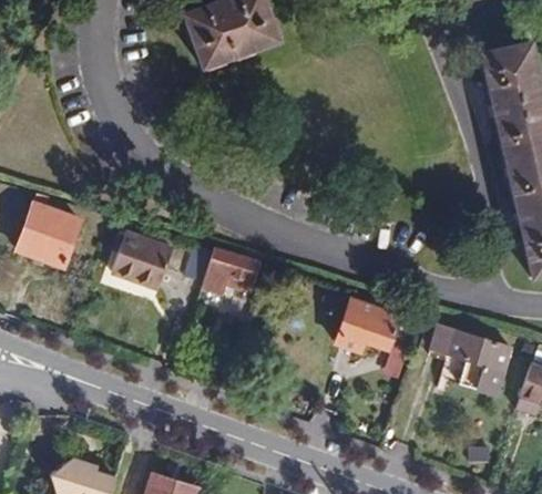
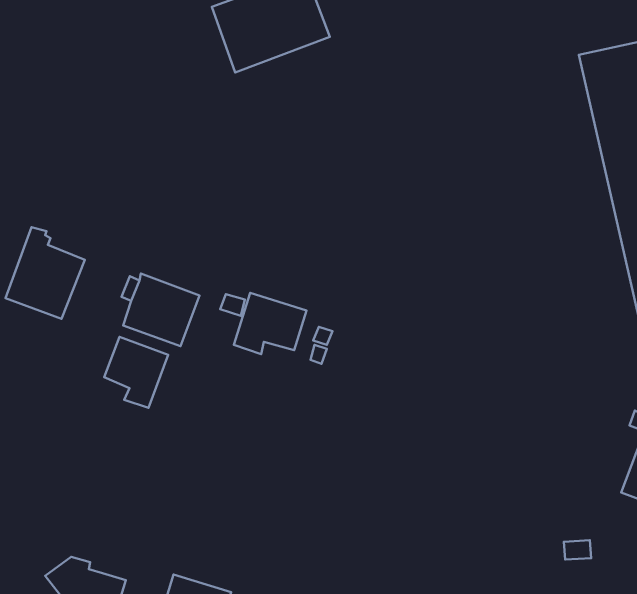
building: none -> [104,337,168,408]
building: [336,299,399,351] -> none
building: [429,325,513,395] -> none

